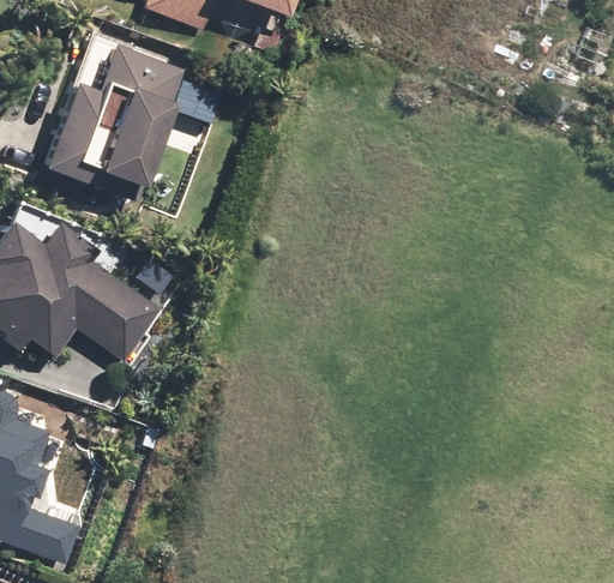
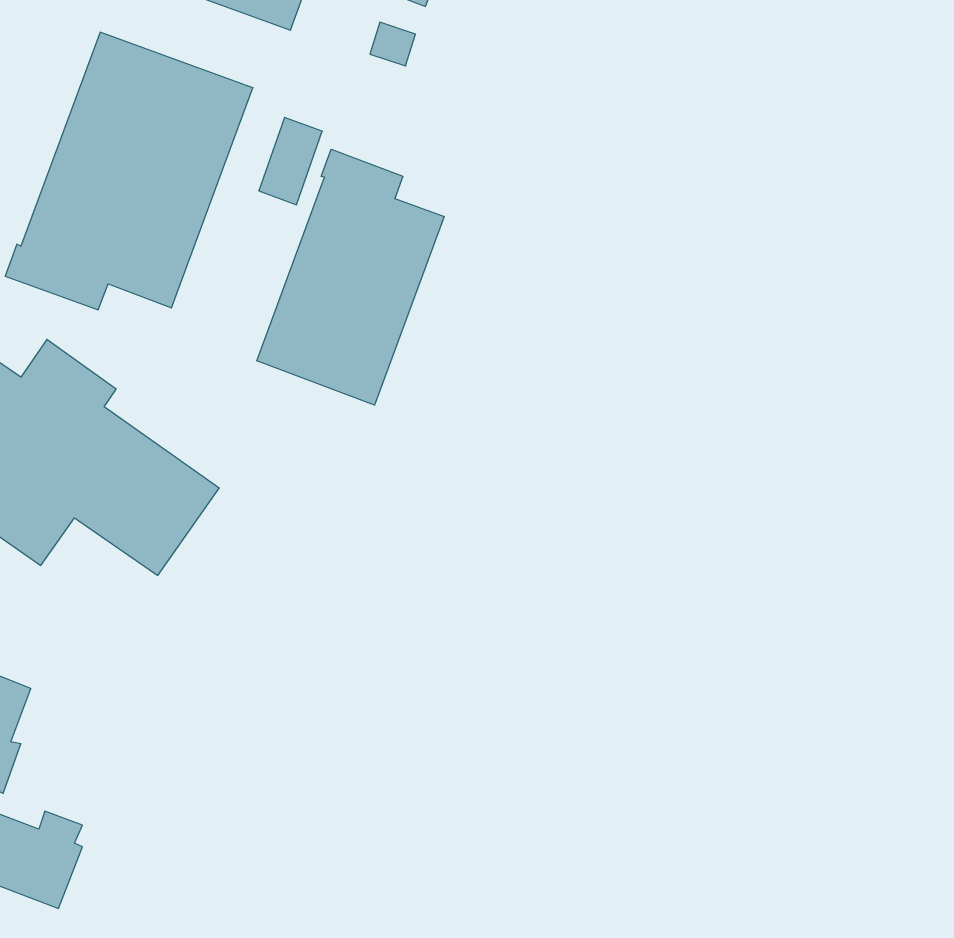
building: none -> [257,149,444,405]

